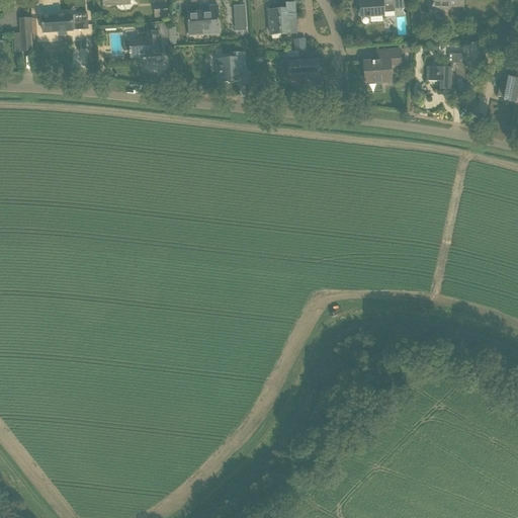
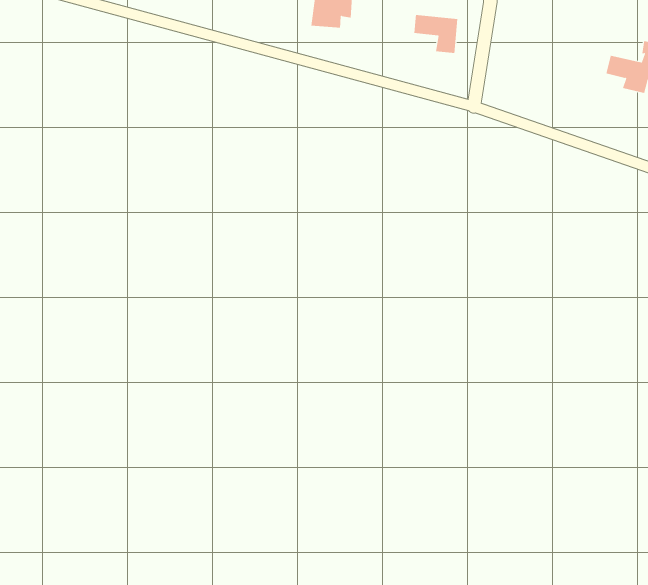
building: [364,48,401,83] -> none

